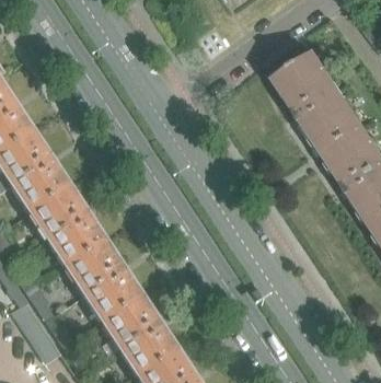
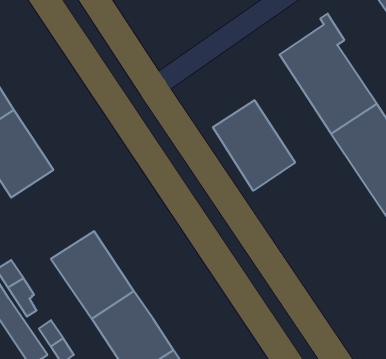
building: none -> [213,100,295,191]
building: [28,185,104,266] -> none

